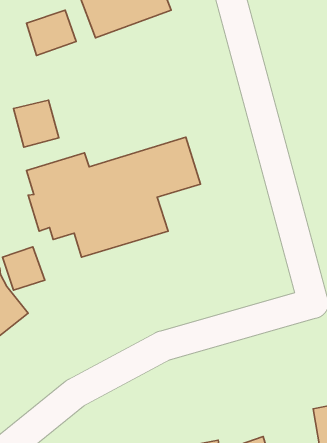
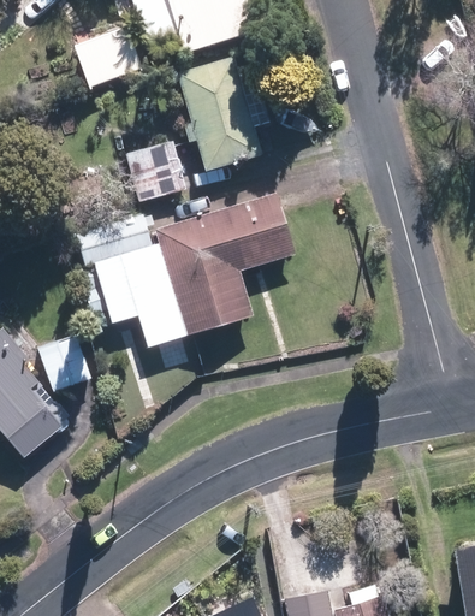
building: none -> [178,57,272,172]
building: [14,100,59,147] -> [126,142,185,203]

